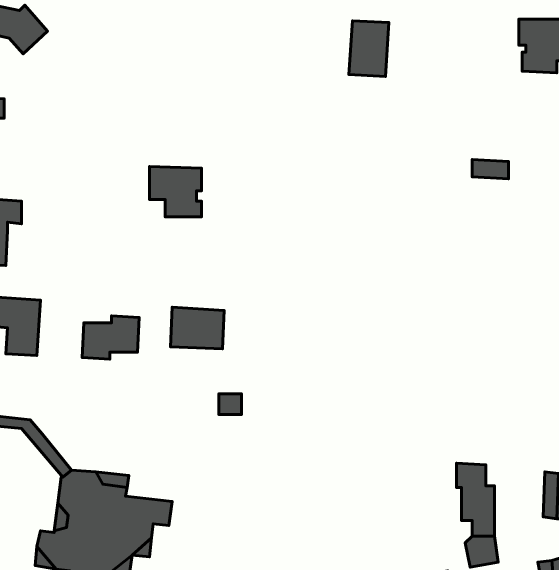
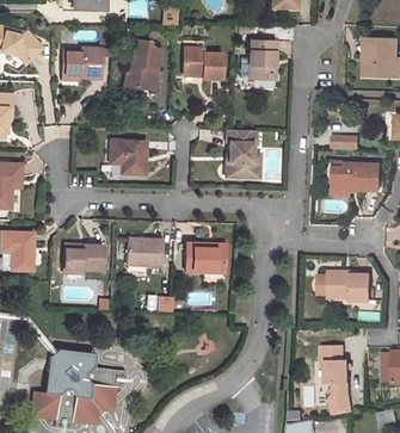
building: none -> [123,38,156,86]
building: none -> [62,47,100,78]
building: none -> [183,49,222,79]
building: none -> [224,129,256,177]
building: none -> [334,163,381,191]
building: none -> [186,243,226,272]
building: none -> [318,272,371,302]

